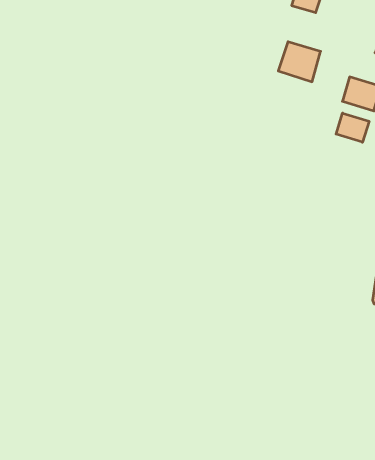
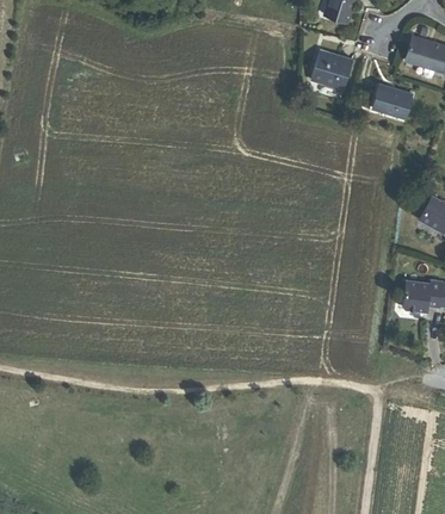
building: [336,113,369,142] -> none

